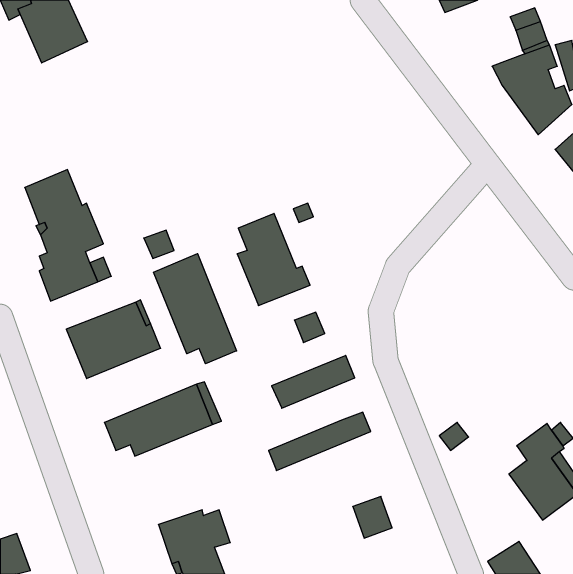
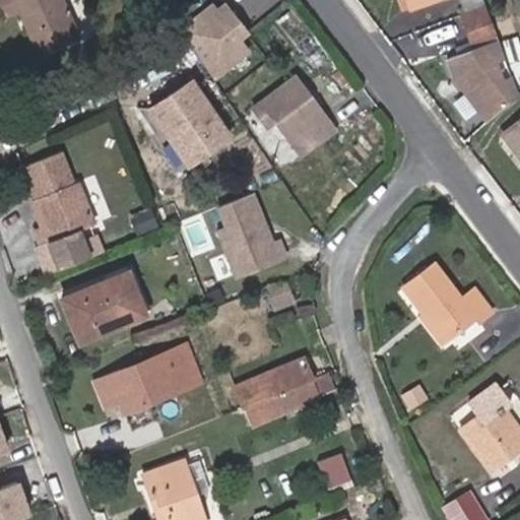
building: none -> [182,6,247,77]
building: none -> [256,78,334,152]
building: none -> [138,80,231,166]
building: [153,254,237,364] -> none
building: none -> [403,263,493,343]
building: [272,355,355,408] -> [235,360,310,407]

